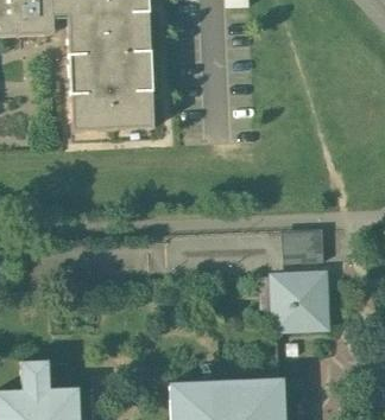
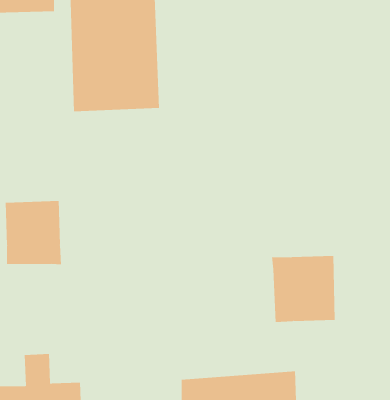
building: none -> [5,200,61,265]
building: [280,234,322,269] -> none

